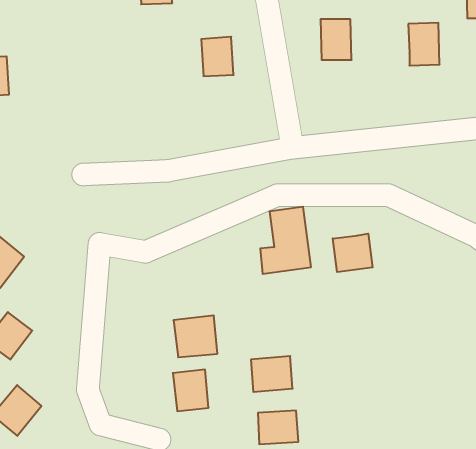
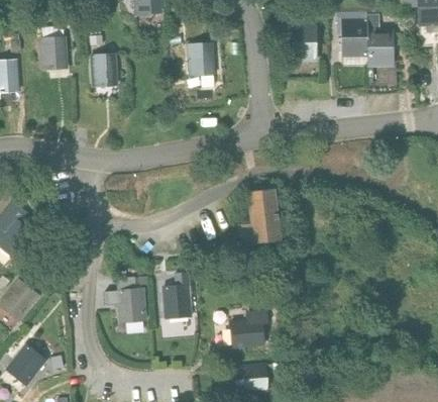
building: none -> [341,20,368,55]
building: none -> [38,35,68,70]
building: none -> [89,52,117,86]
building: [333,234,373,272] -> none
building: [173,370,209,411] -> [116,288,147,324]

